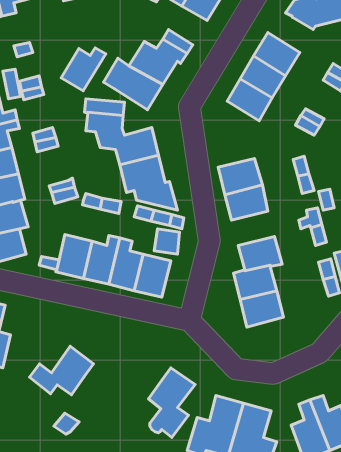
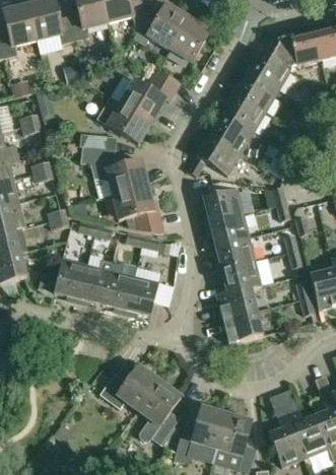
building: none -> [249,51,290,90]
building: [61,48,106,91] -> none
building: none -> [189,135,241,175]
building: none -> [215,236,255,268]
building: [29,346,93,395] -> [100,364,159,409]

